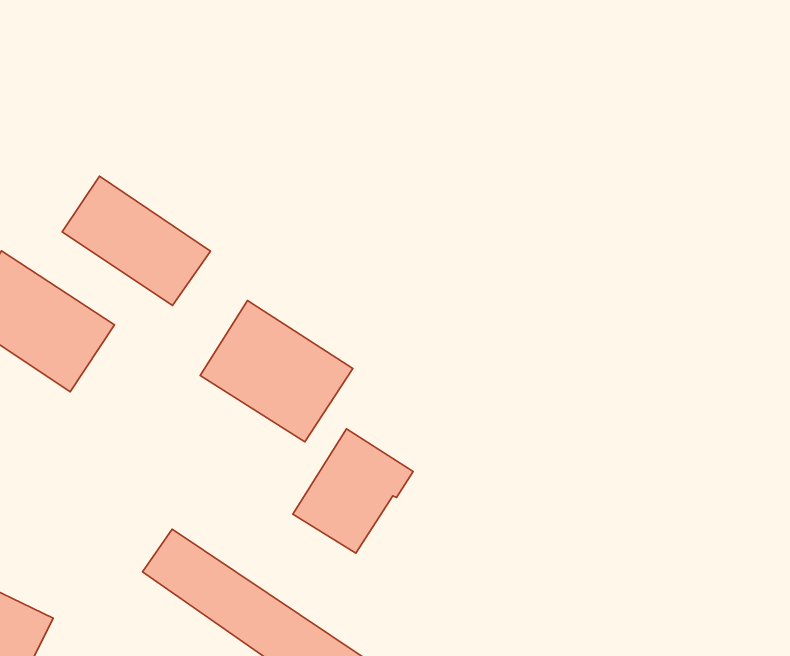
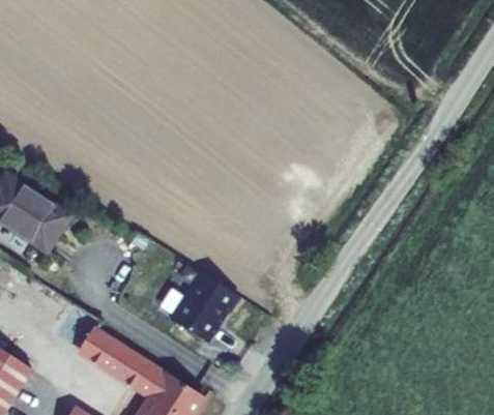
building: [62,176,210,305] -> none
building: [200,301,353,442] -> none

